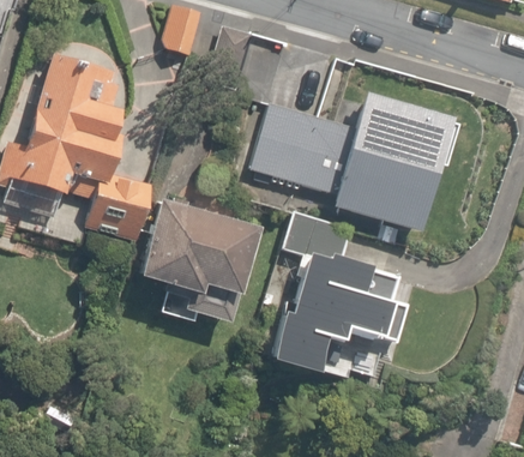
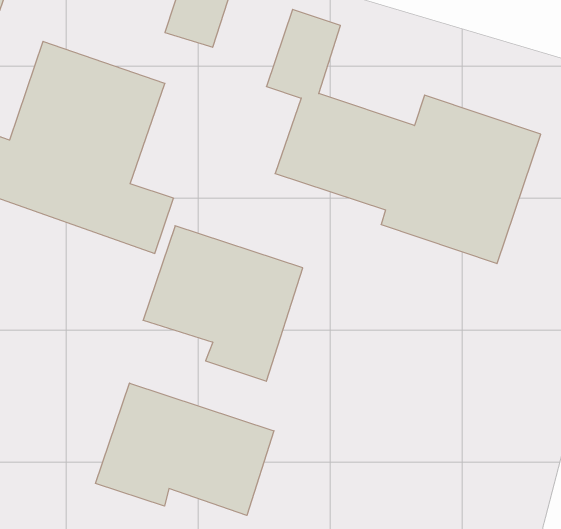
building: [267,247,416,374] -> none
building: none -> [95,383,274,515]

